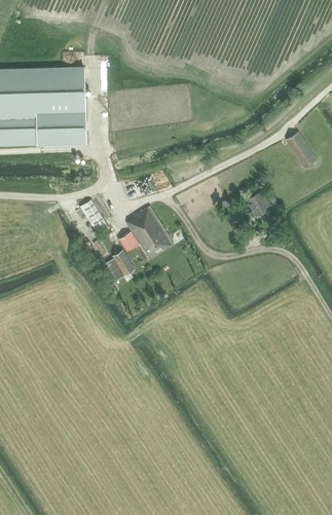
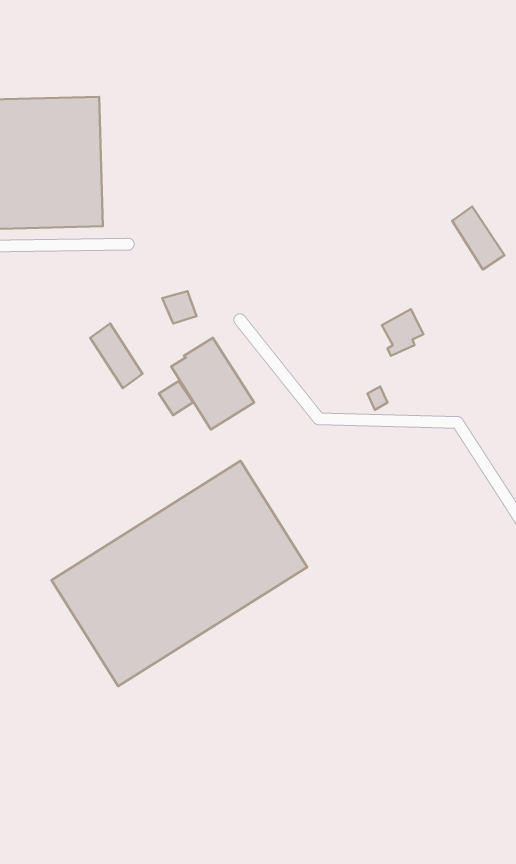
building: [105,250,135,281] -> none
building: none -> [52,461,307,686]

